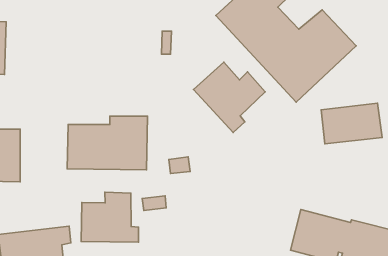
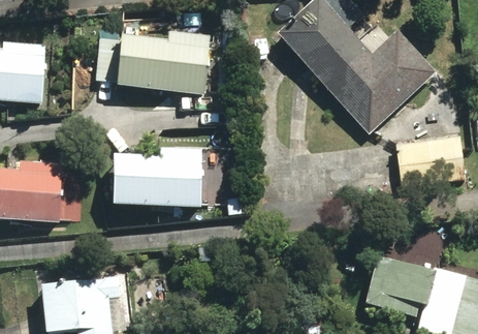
building: none -> [97,33,211,95]
building: [194,62,265,133] -> none
building: [81,192,139,242] -> none

